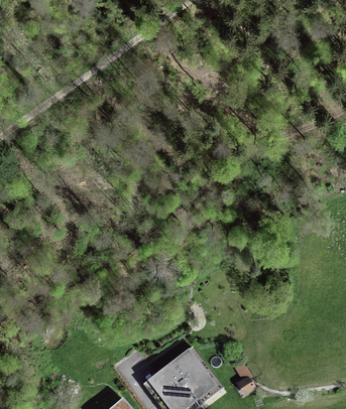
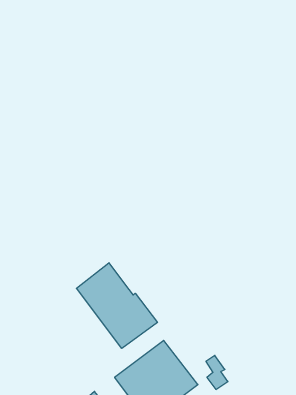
building: none -> [76,263,157,348]

